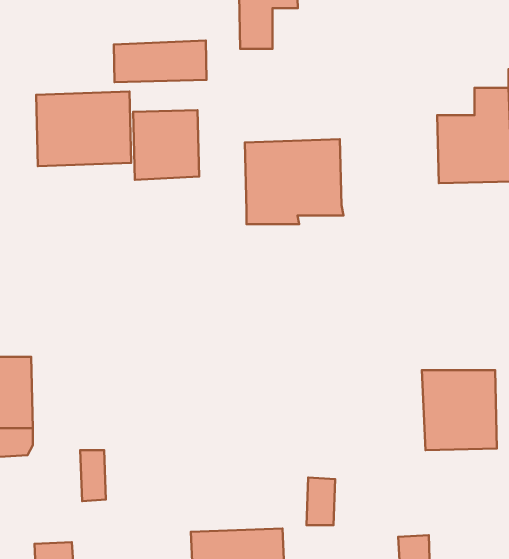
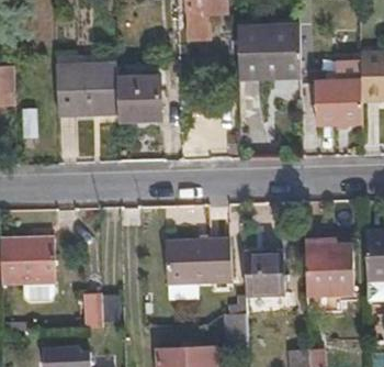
building: [114,40,207,82] -> none
building: [245,139,343,224] -> [237,22,301,77]
building: none -> [166,238,234,283]
building: none -> [246,252,290,291]

